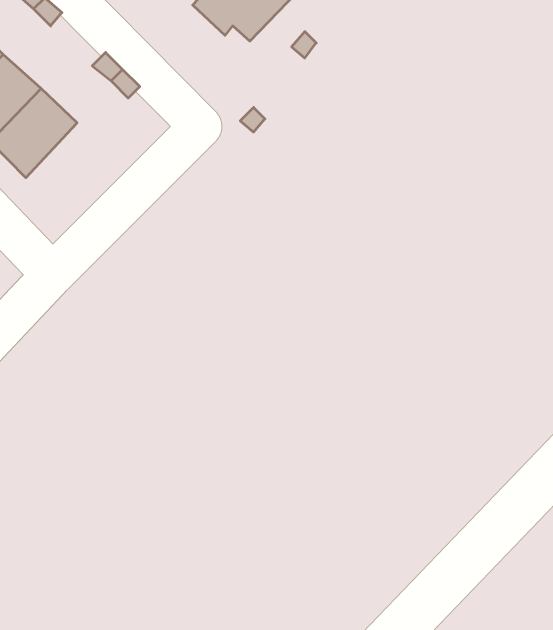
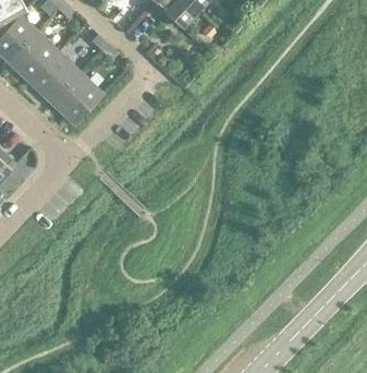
building: none -> [53,74,103,125]

